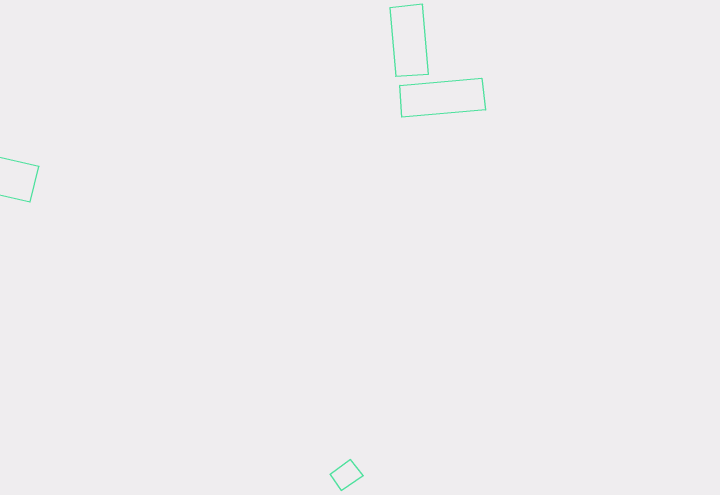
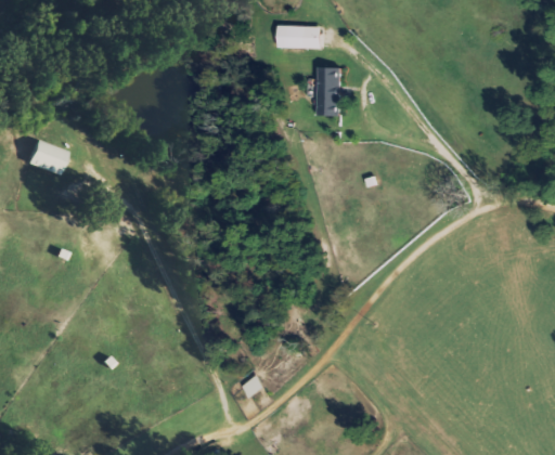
building: [400,78,486,117] -> none

